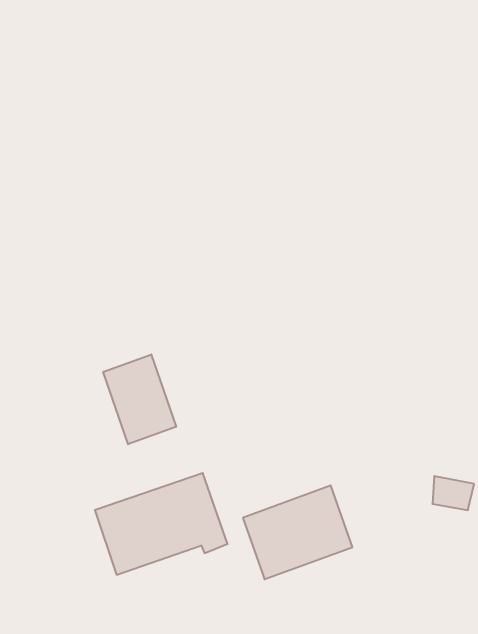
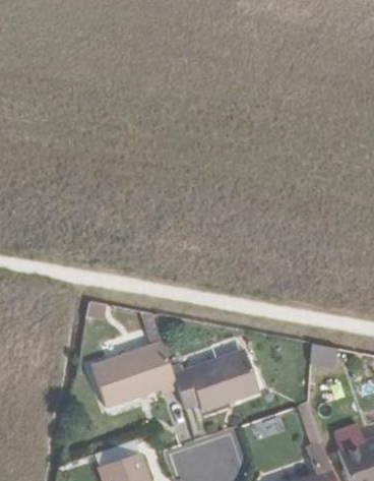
building: [103,354,176,444] -> none

